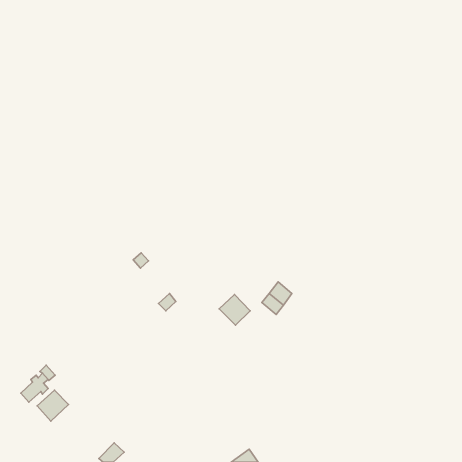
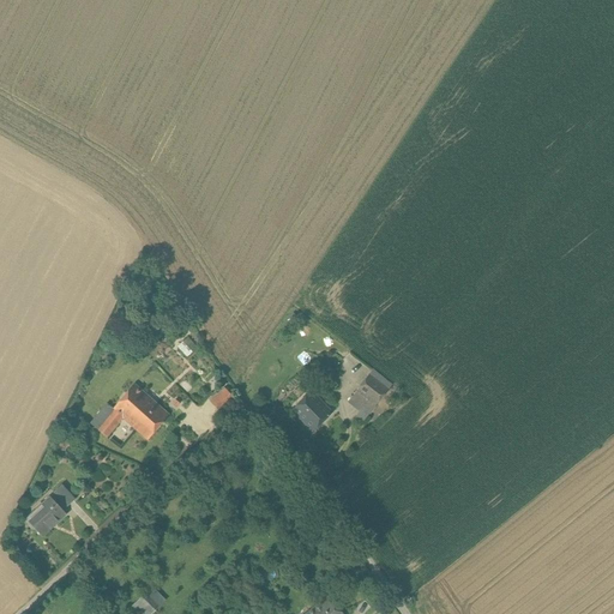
building: none -> [97,386,170,440]
building: [37,390,68,421] -> none

